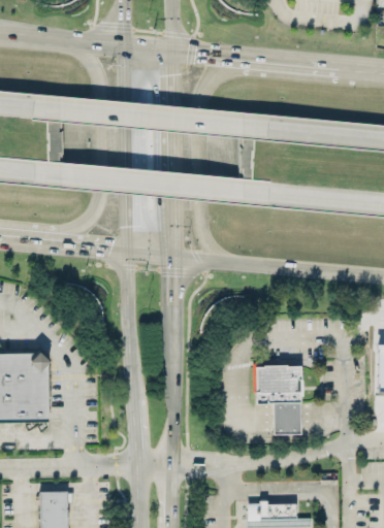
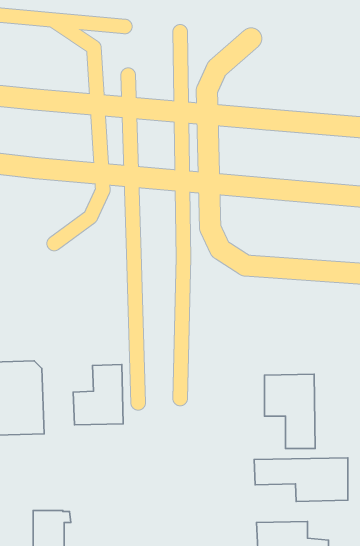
building: none -> [73,364,123,425]
building: none -> [254,458,348,502]

